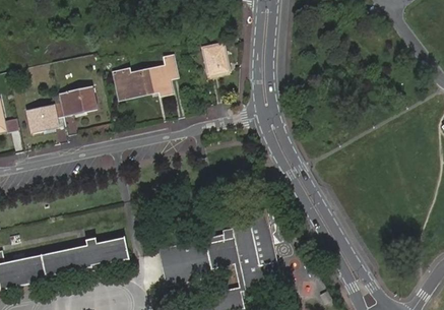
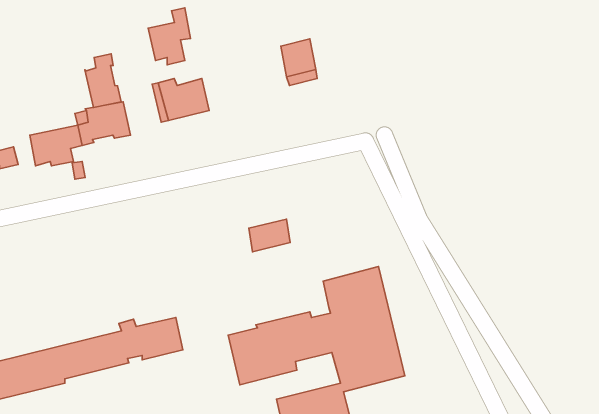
building: none -> [85,54,121,107]
building: [143,55,173,95] -> [148,8,191,65]
building: none -> [249,219,290,252]

